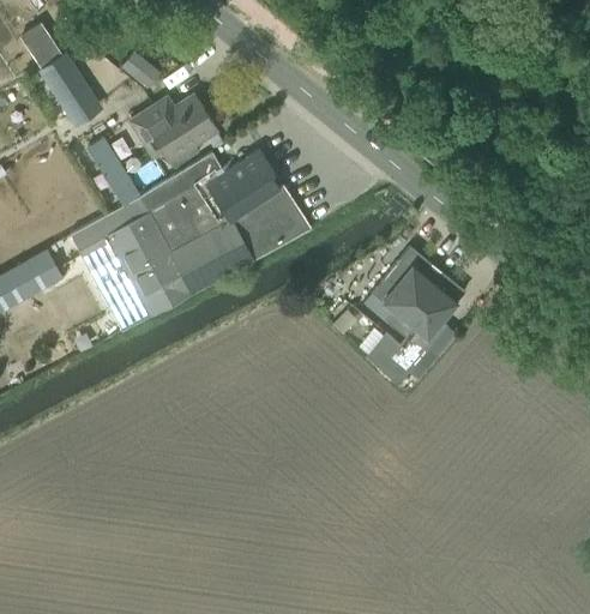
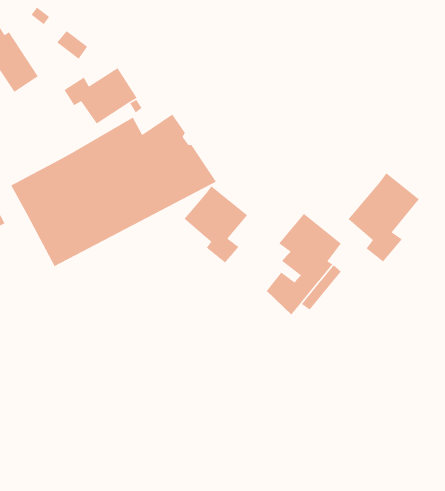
building: [86,139,132,194] -> none
building: none -> [348,172,420,263]
building: none -> [183,185,248,264]

